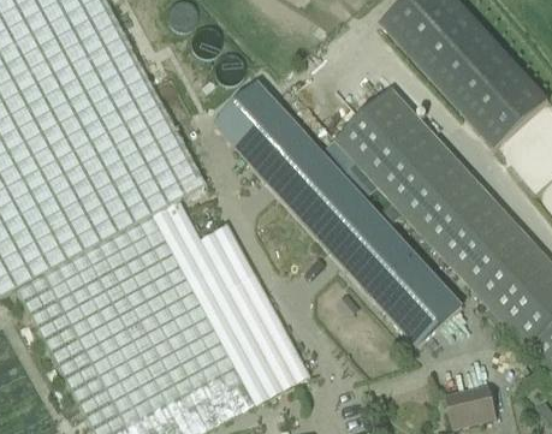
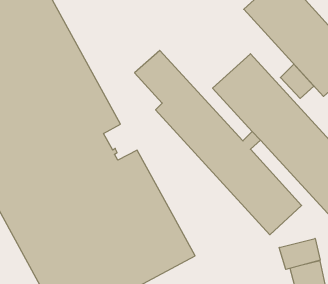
building: none -> [280,64,314,98]
building: none -> [279,238,320,269]

